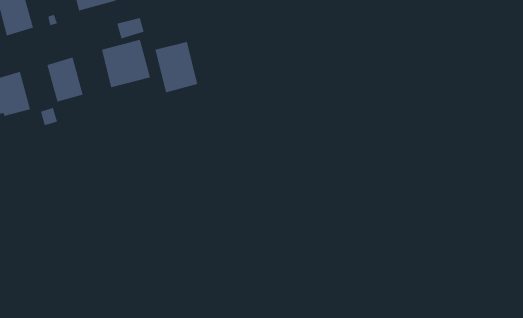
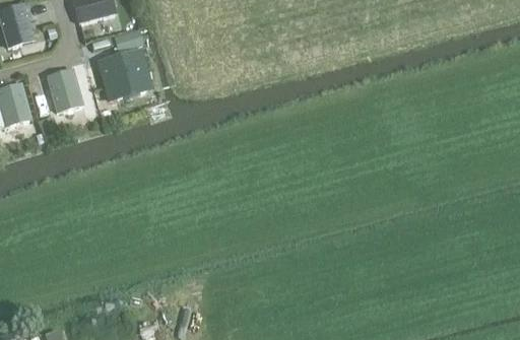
building: [155,41,198,93] -> none

